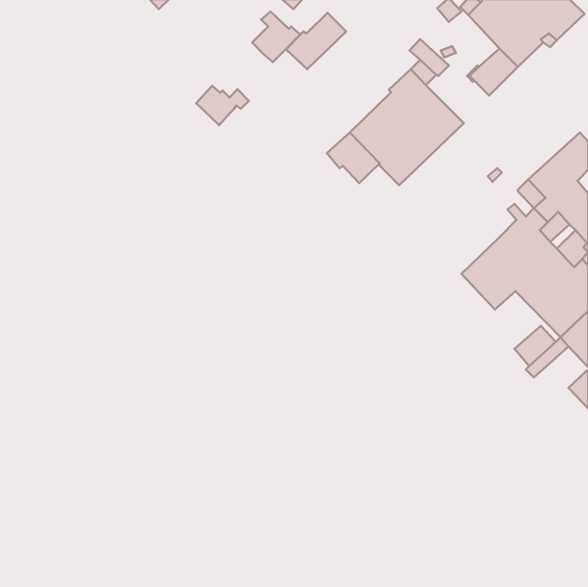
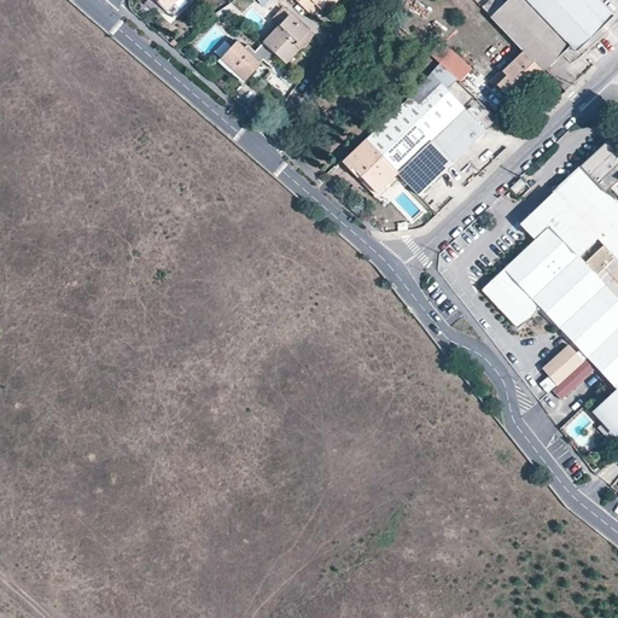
building: [286,13,346,69] -> none
building: [196,86,249,125] -> [221,41,276,82]
building: none -> [509,200,560,249]

